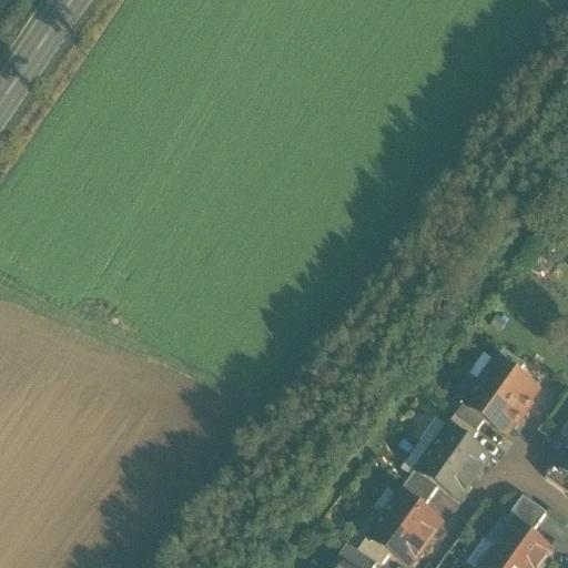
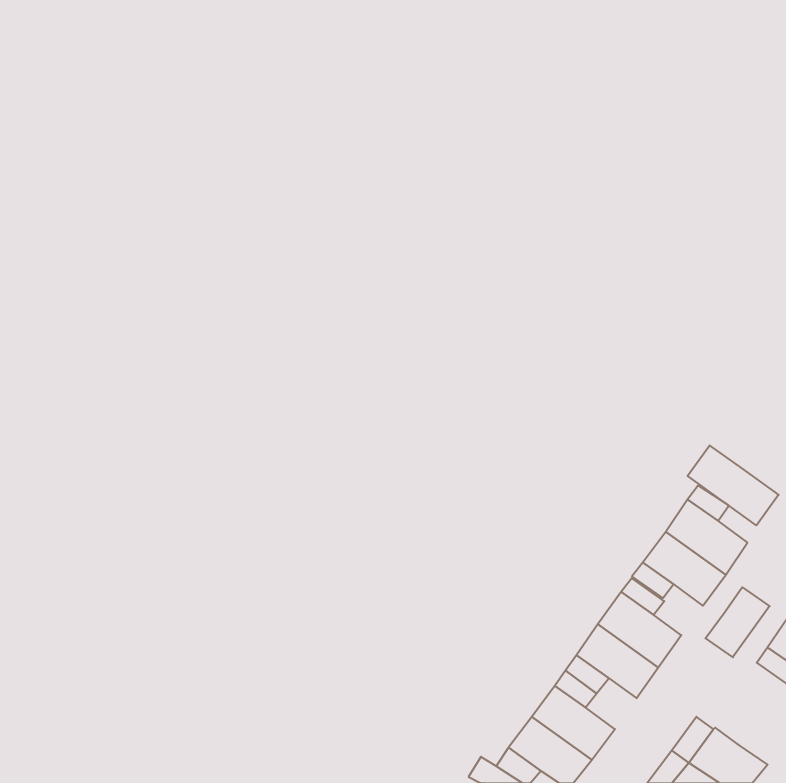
building: none -> [688,445,779,525]
building: none -> [705,587,770,657]
building: [507,497,548,536] -> none

